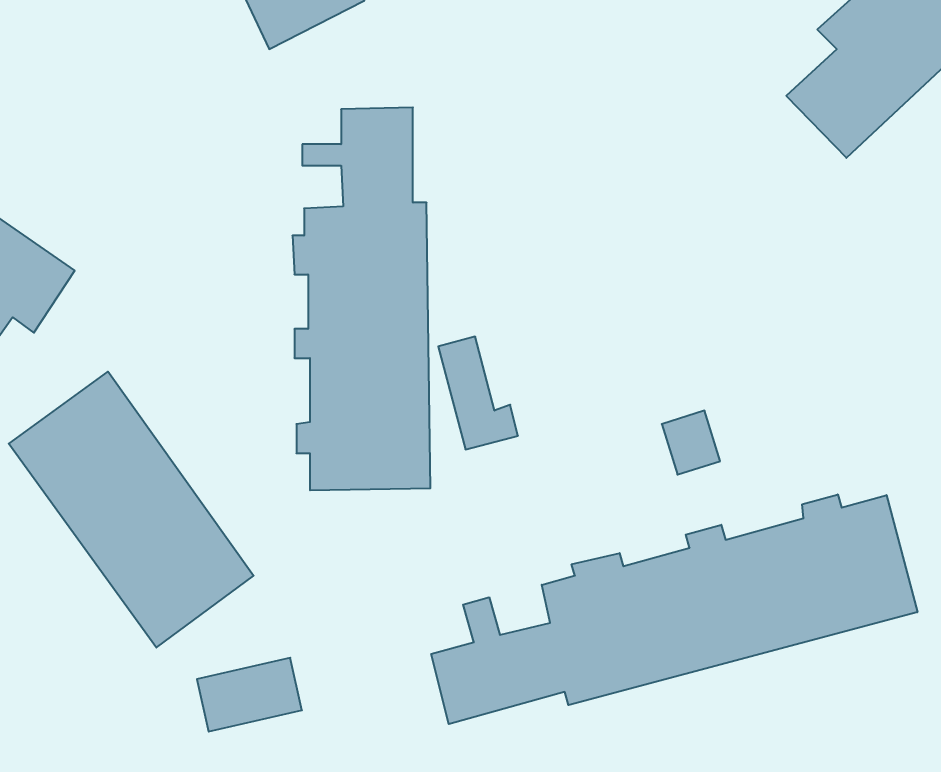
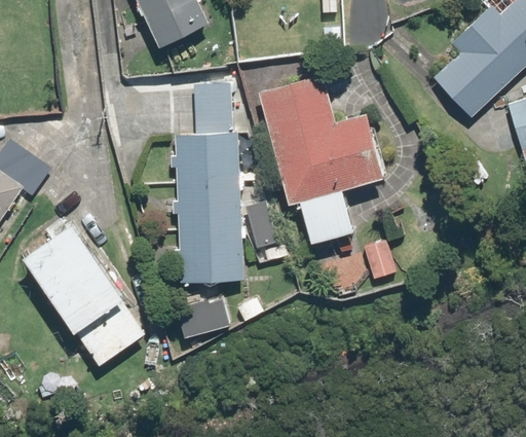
building: none -> [257,73,386,242]
building: [431,494,917,724] -> none
building: [197,658,302,732] -> [177,295,232,334]

